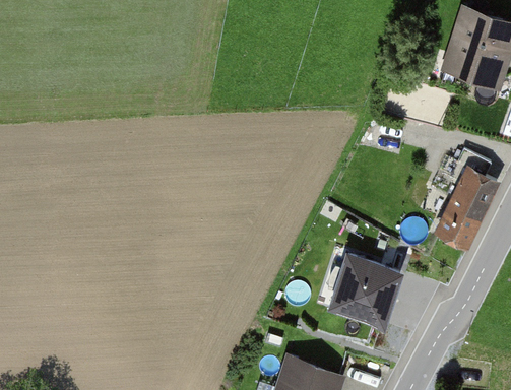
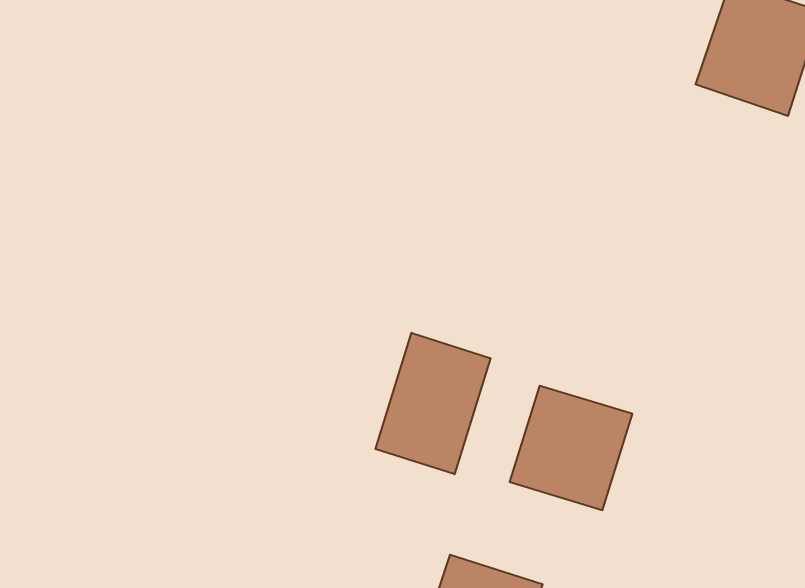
building: [434,166,500,253] -> none
building: none -> [375,333,490,474]

